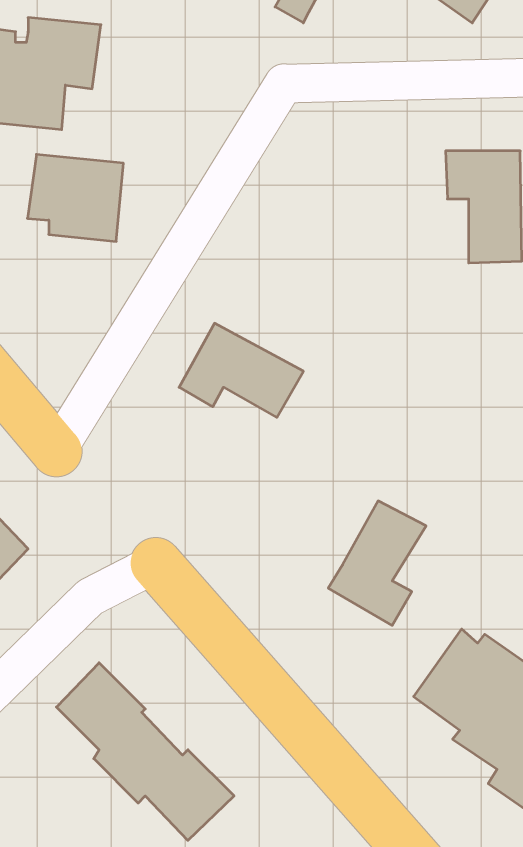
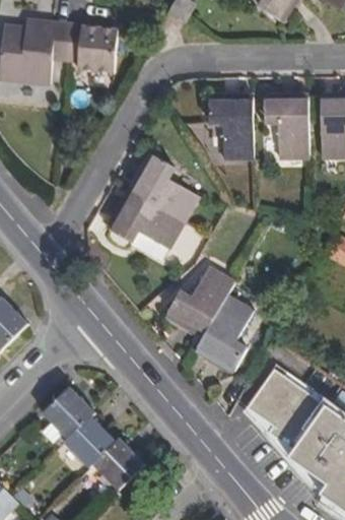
building: none -> [208,96,253,159]
building: [27,154,123,241] -> [63,23,118,73]
building: none -> [133,156,198,221]
building: none -> [168,267,233,332]

